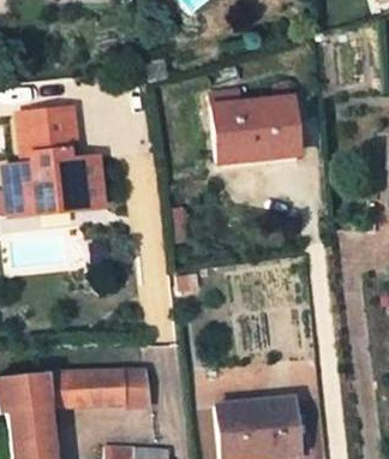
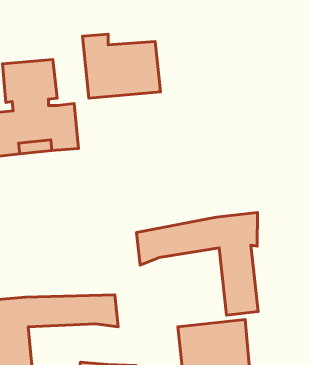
building: [210,89,298,161] -> [83,34,161,98]
building: none -> [137,213,258,315]

